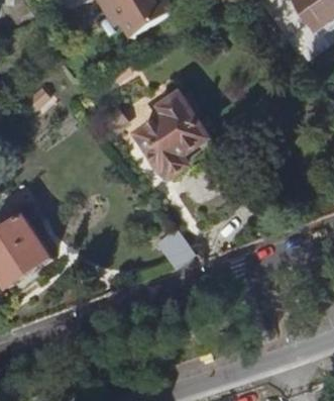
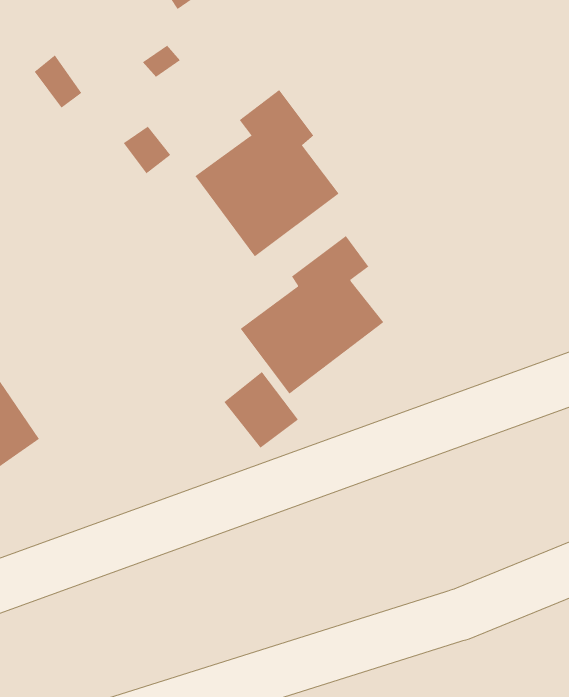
building: none -> [240,235,384,394]

